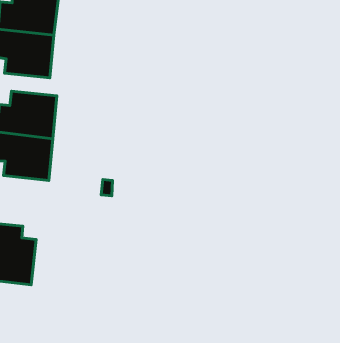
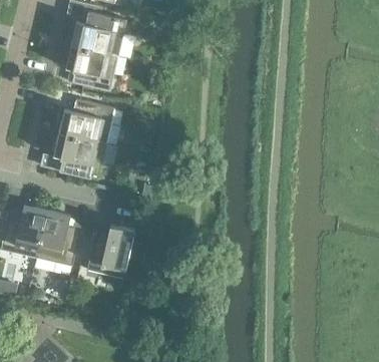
building: none -> [85,226,133,278]

